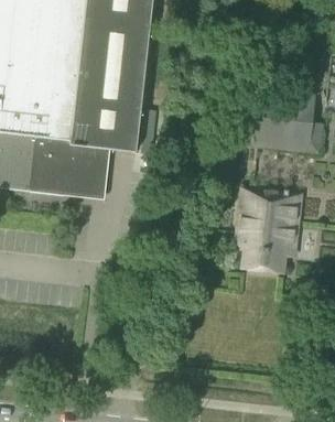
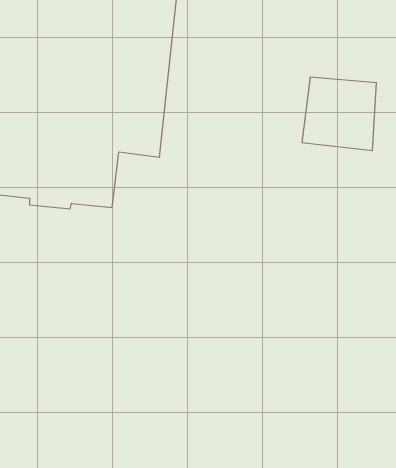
building: [236,191,300,273] -> none

